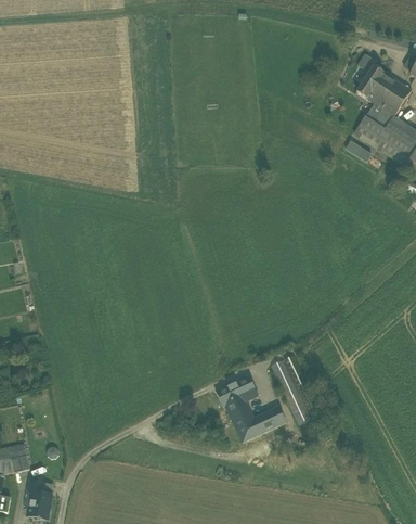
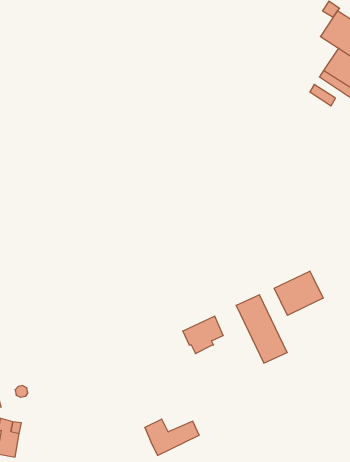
building: none -> [274,271,323,315]
building: [230,404,285,440] -> [145,419,199,455]

